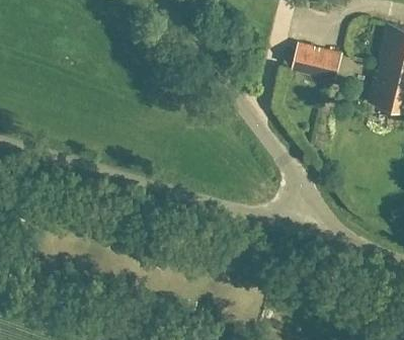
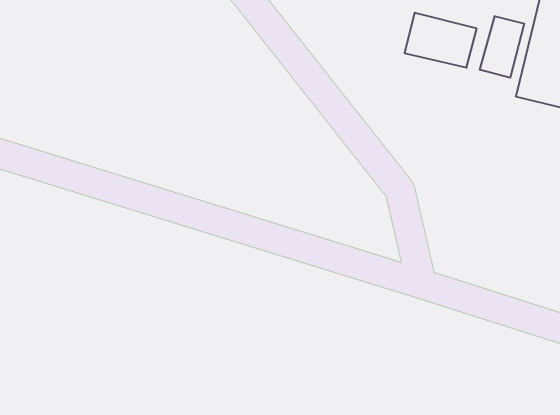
building: none -> [480,16,524,78]

